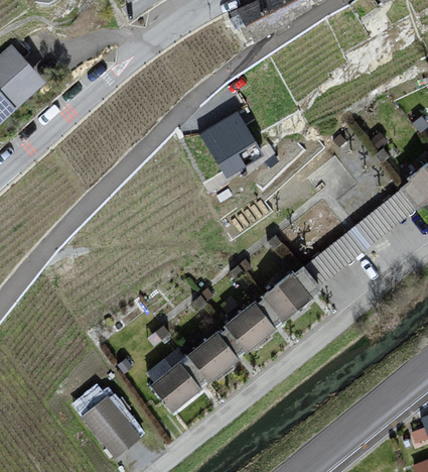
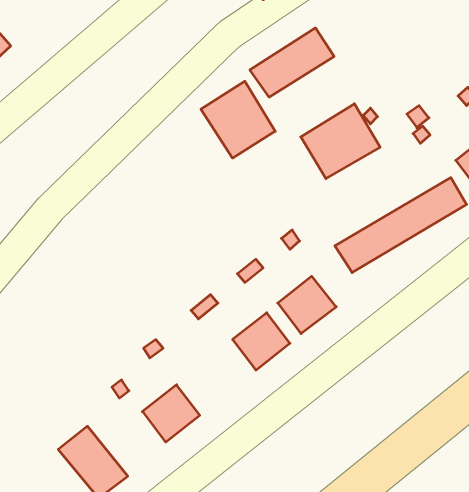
building: none -> [250,28,334,97]
building: none -> [301,104,380,179]
building: [189,333,237,380] -> none

